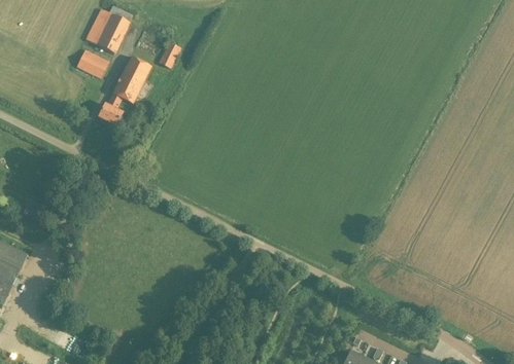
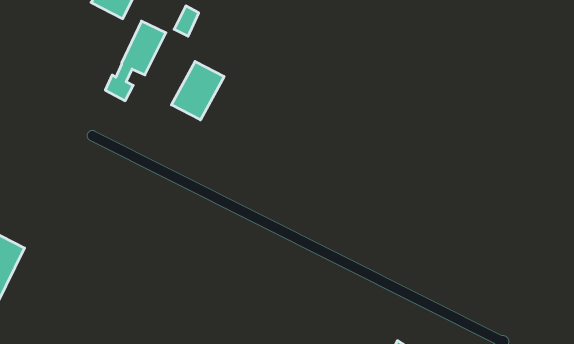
building: [76,49,109,78] -> none
building: none -> [171,61,224,120]

